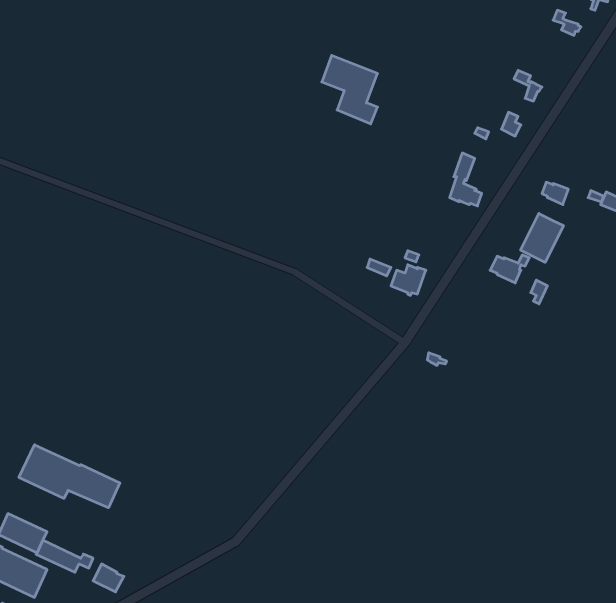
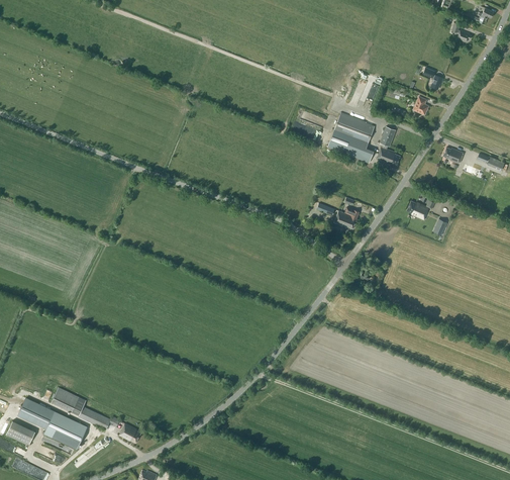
building: [322,55,378,124] -> [333,113,374,163]
building: [521,213,563,262] -> none
building: [19,445,120,508] -> none

